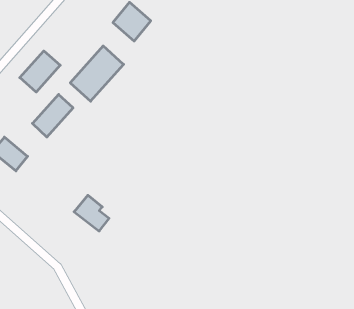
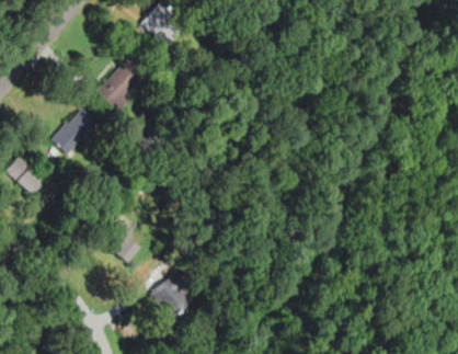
building: [20,51,60,92] -> none
building: none -> [149,274,187,315]

